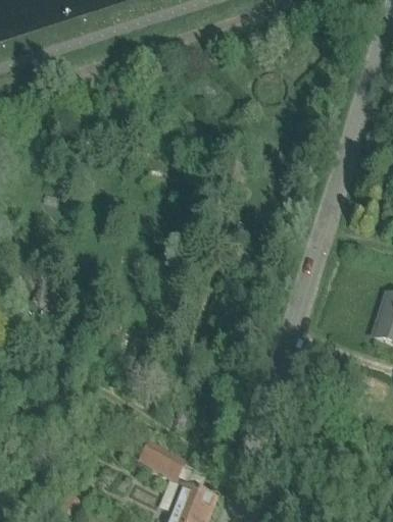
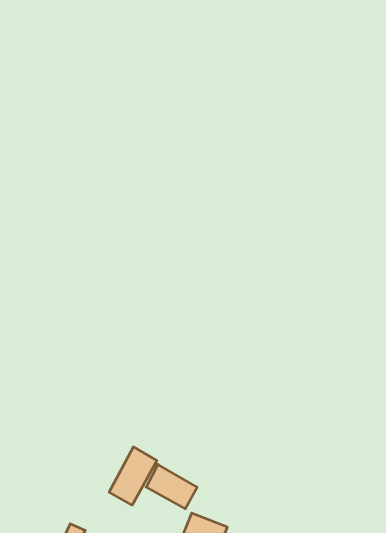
building: none -> [109,447,157,505]

